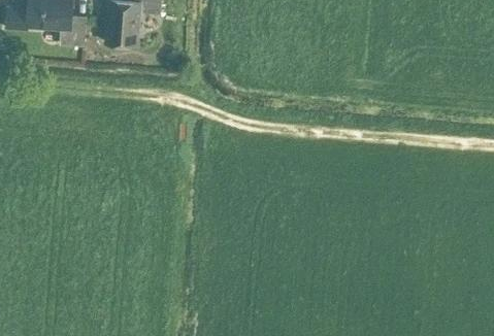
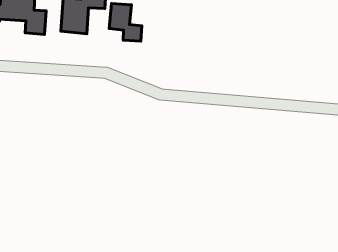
building: none -> [109,3,142,41]

